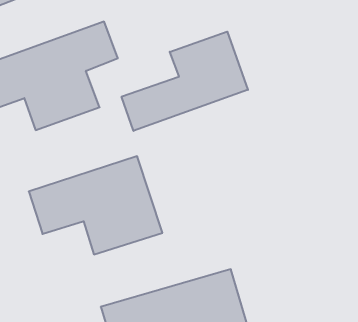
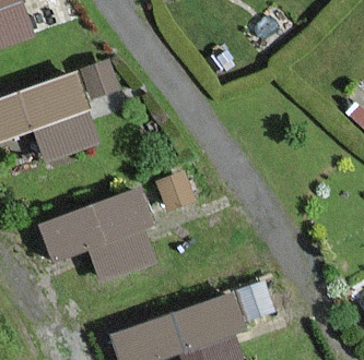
building: [122,32,248,131] -> none

